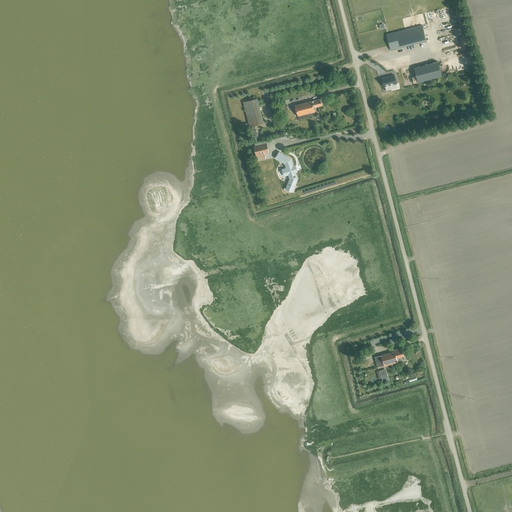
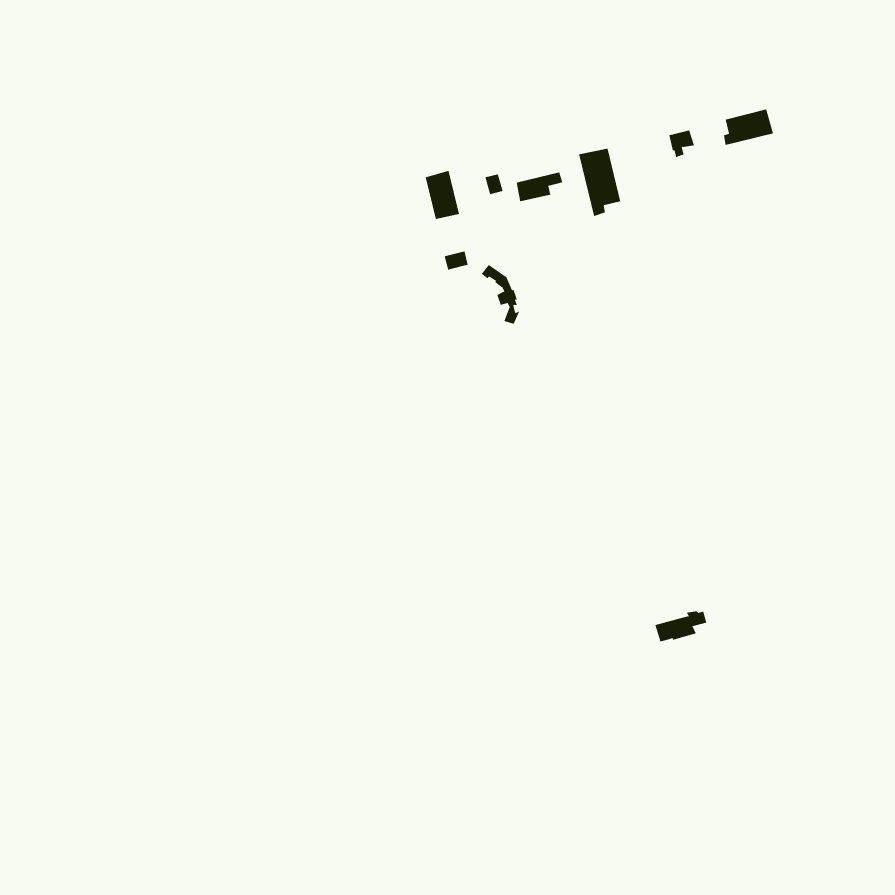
building: [387,25,425,50] -> none
building: none -> [579,148,621,217]

